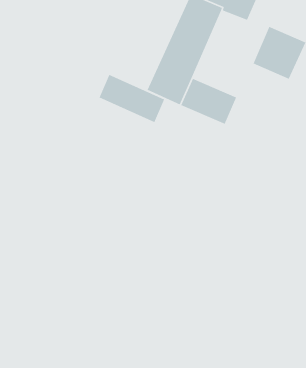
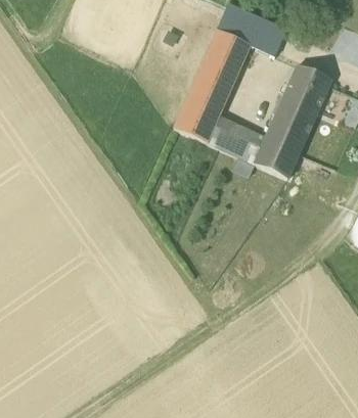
building: none -> [252,99,316,177]
building: [98,74,165,123] -> none

